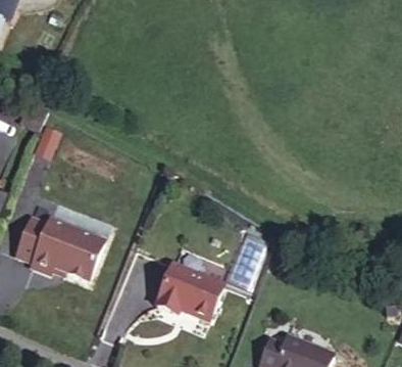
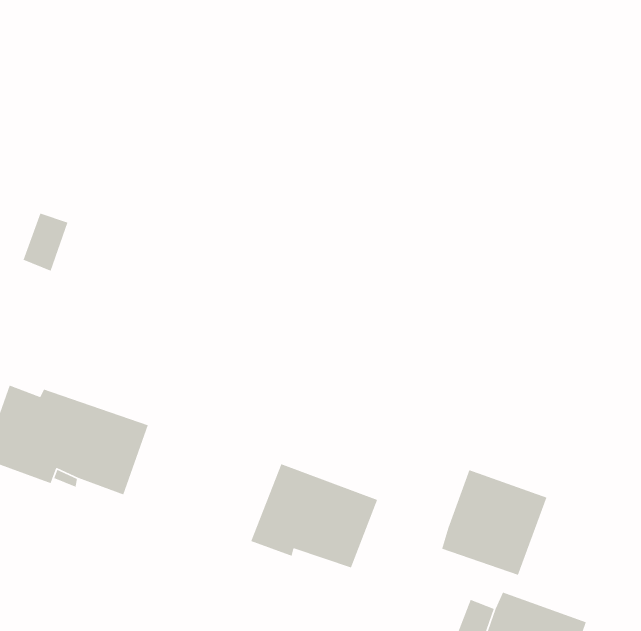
building: none -> [441,469,547,576]

